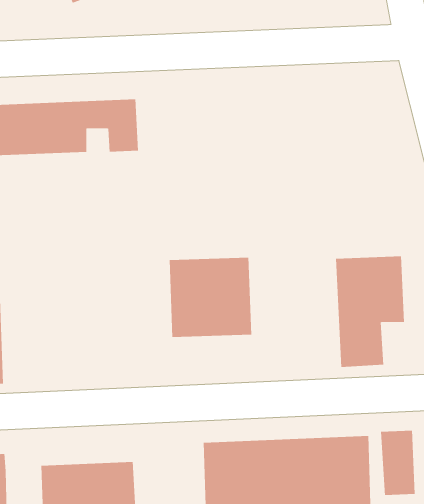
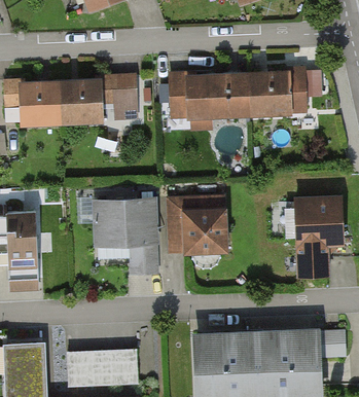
building: none -> [172,70,308,113]
building: none -> [89,200,156,276]

